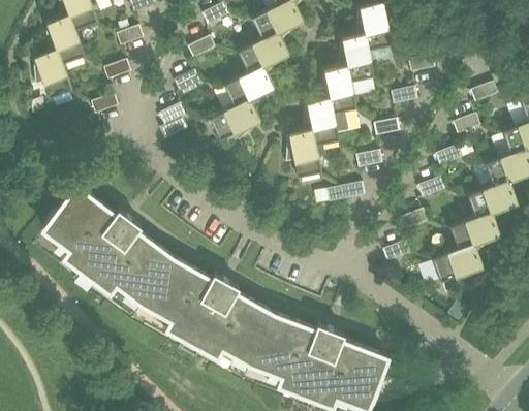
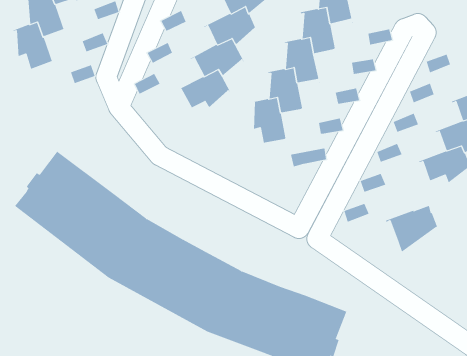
building: [445,210,503,250] -> none

